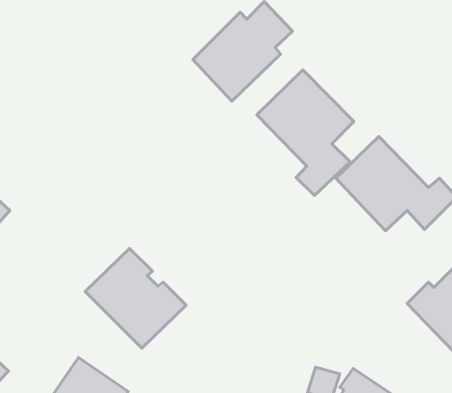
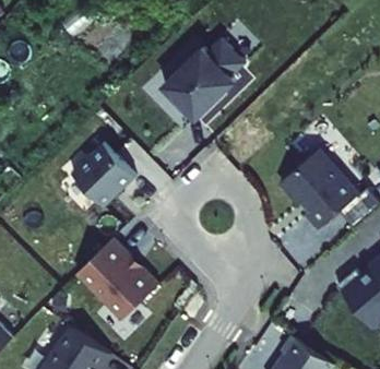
building: [257,70,354,196] -> none
building: none -> [71,142,134,205]

